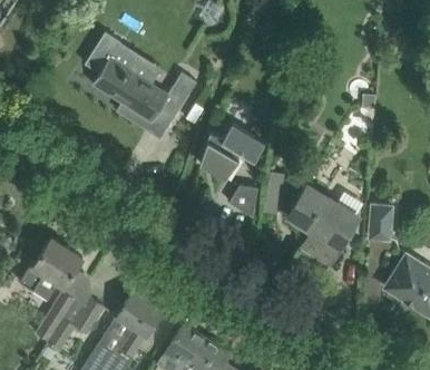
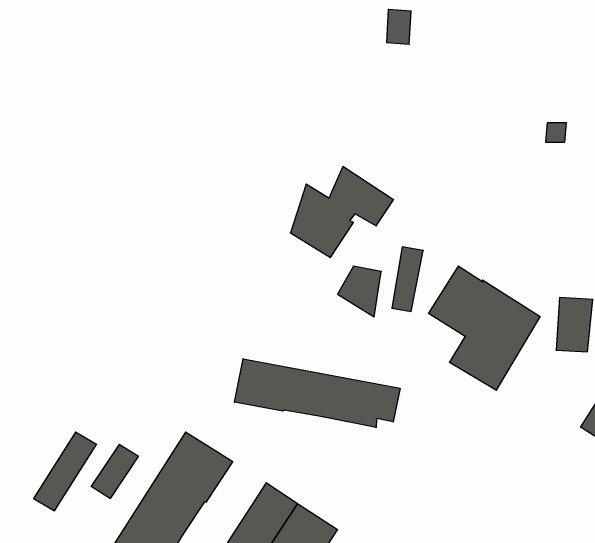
building: [85,31,196,124] -> none
building: [19,240,82,301] -> none
building: none -> [234,359,400,428]

